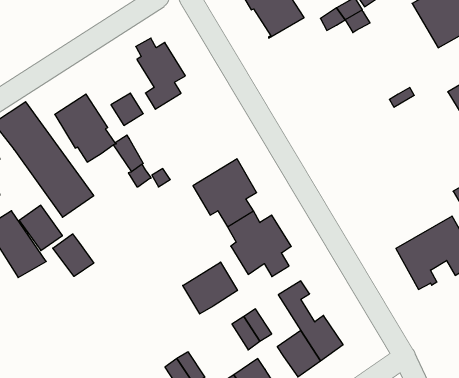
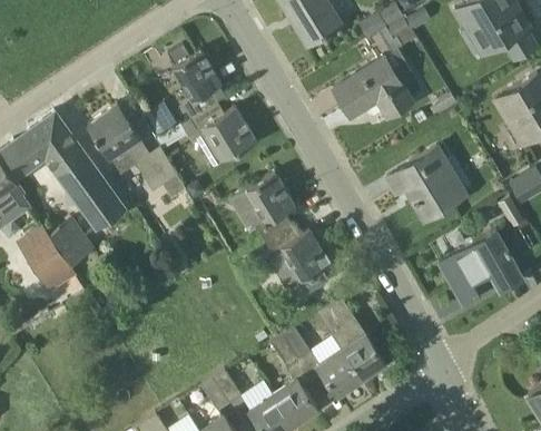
building: none -> [333,57,414,119]
building: none -> [180,104,256,167]
building: none -> [387,146,468,219]
building: [53,234,94,276] -> none
building: [183,262,237,314] -> none

